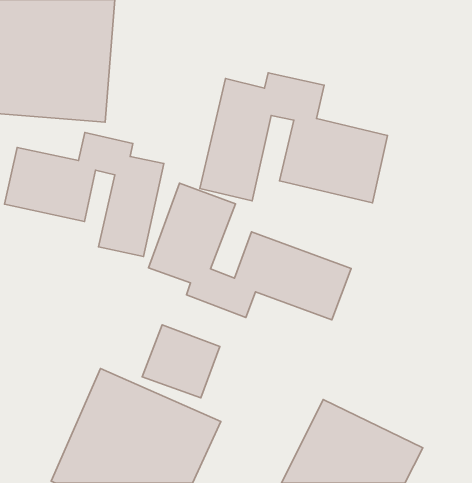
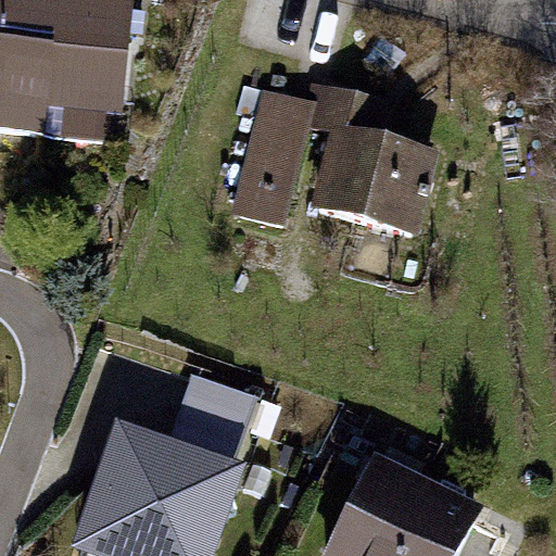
building: [5,133,164,256] -> none
building: [149,183,351,320] -> none

